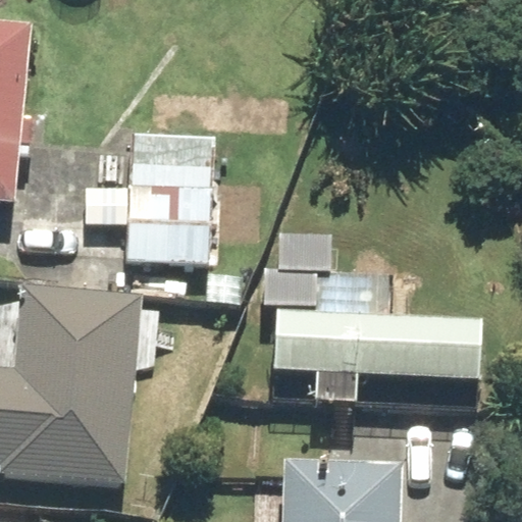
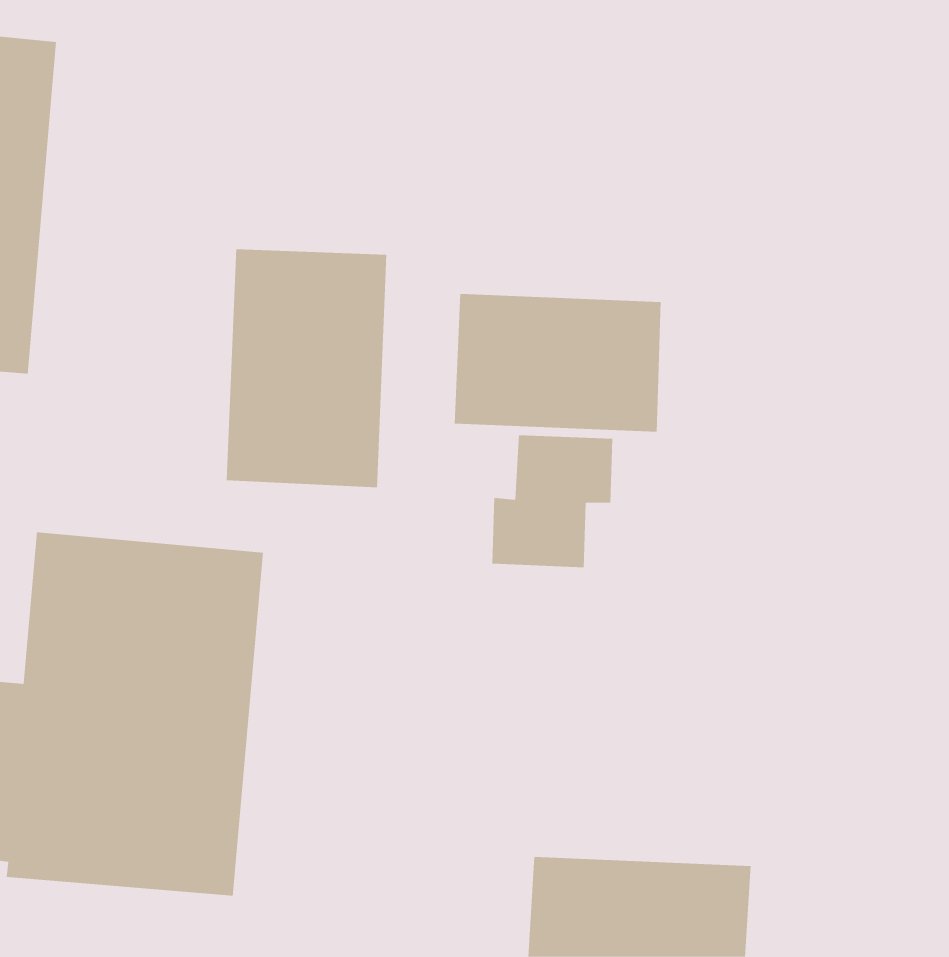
building: none -> [454,293,661,433]
building: [277,313,483,402] -> none

